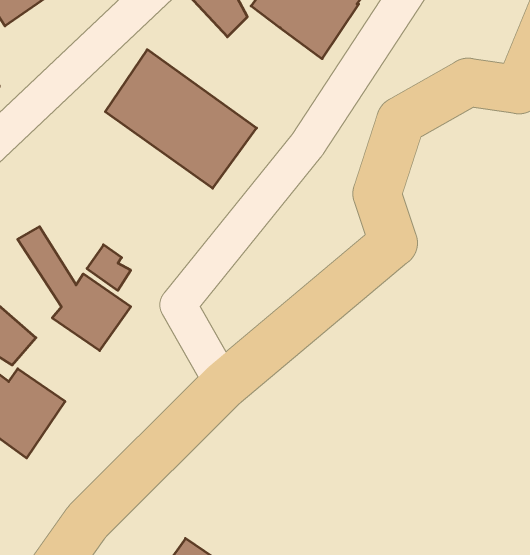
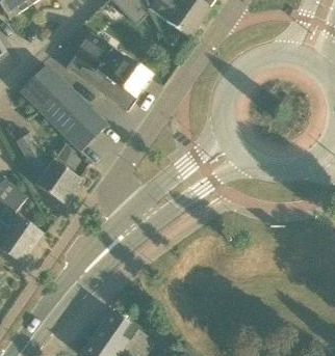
building: none -> [21,64,107,150]

